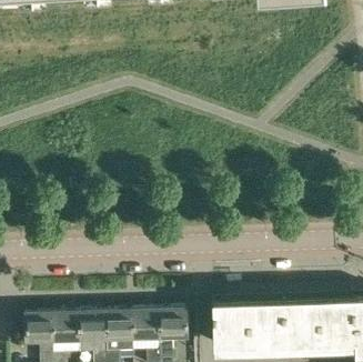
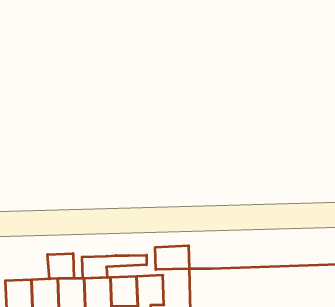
building: none -> [155,246,189,270]
building: none -> [48,253,74,279]
building: none -> [82,255,147,278]

